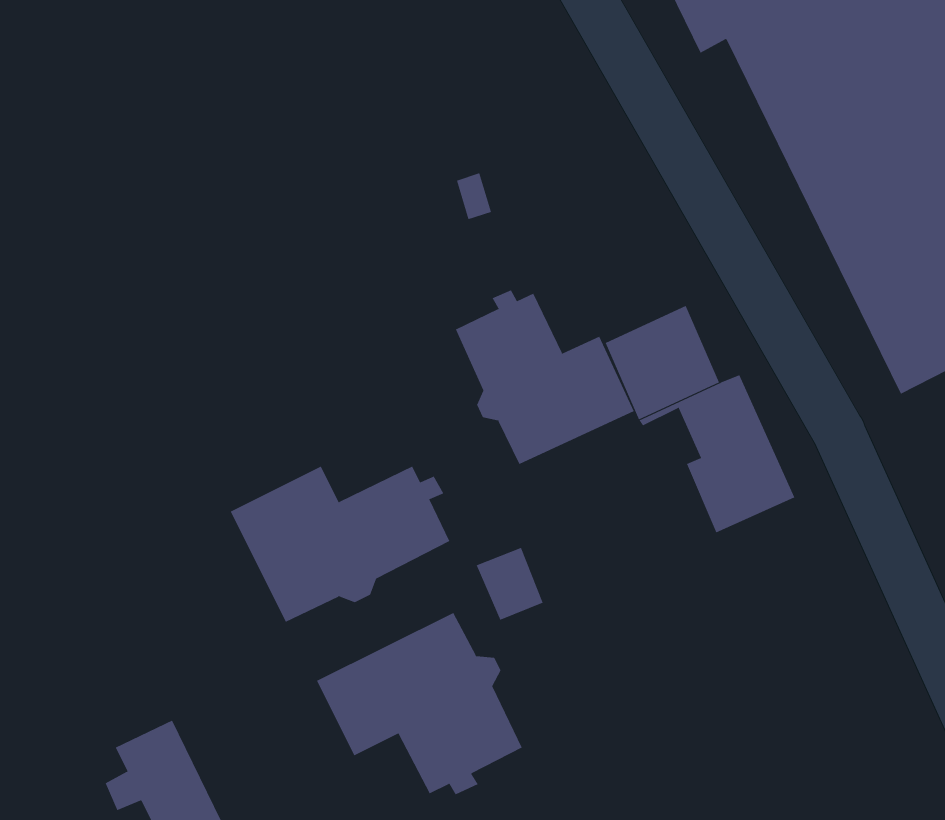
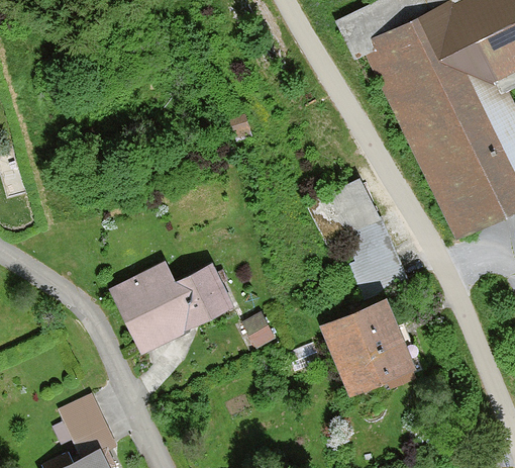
building: [455,290,635,465] -> none
building: none -> [329,304,414,384]
building: [316,612,523,795] -> none

